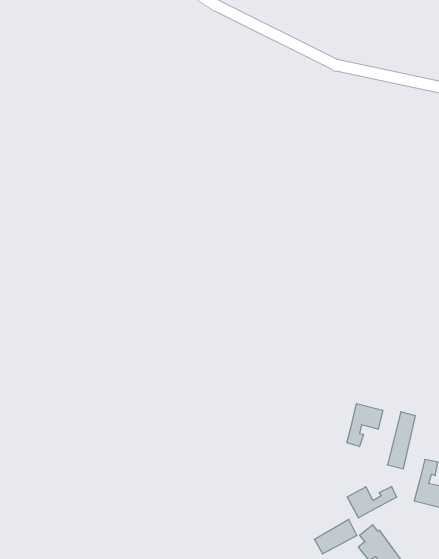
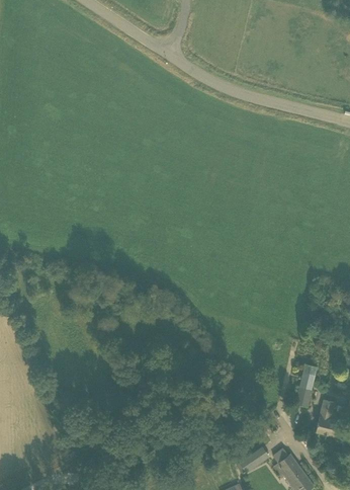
building: [347,404,383,447] -> none
building: [347,486,397,518] -> none

